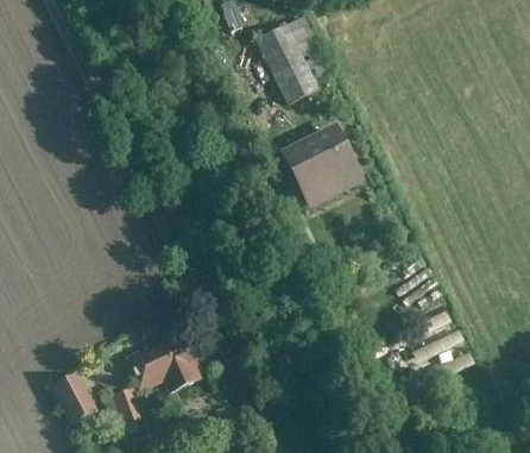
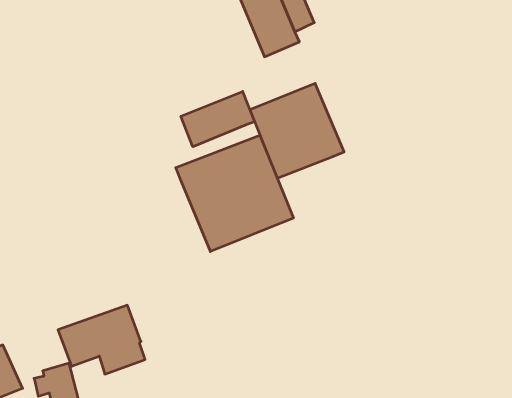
building: none -> [181,91,255,147]
building: none -> [176,135,293,252]

